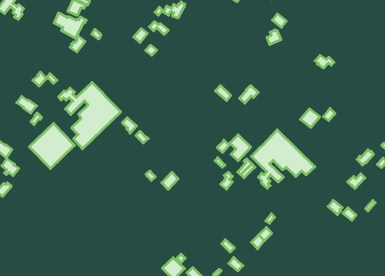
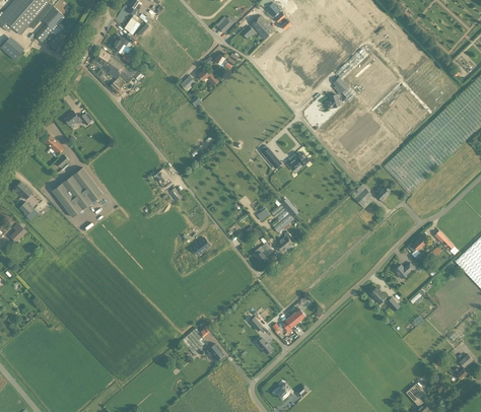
building: [59,82,121,149] -> none
building: [251,130,315,188] -> none

